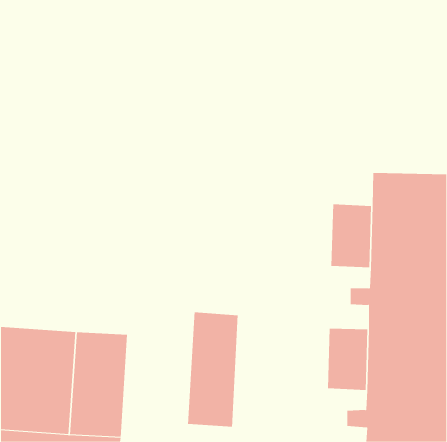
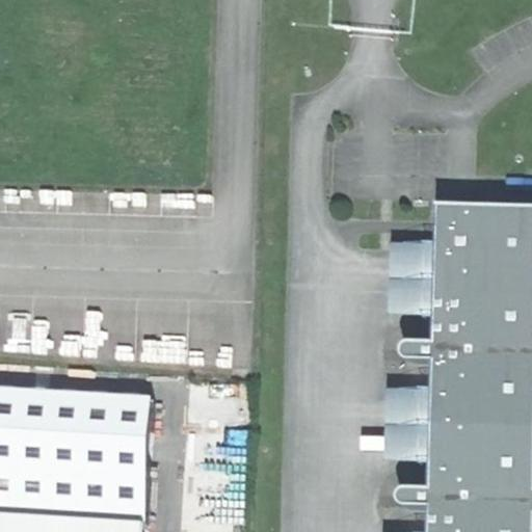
building: [188,312,238,428] -> none

